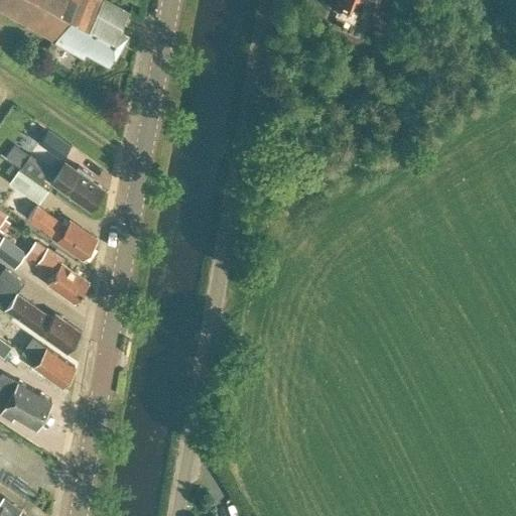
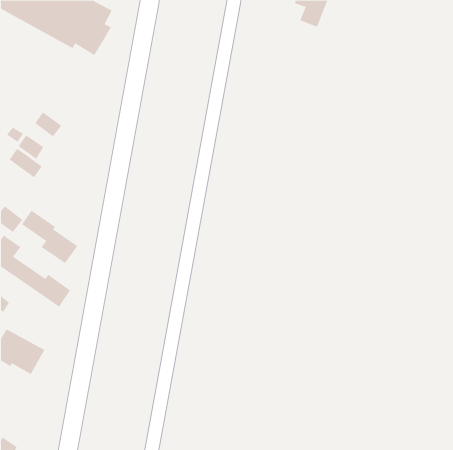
building: [50,168,104,211] -> none
building: [27,207,96,260] -> none
building: [23,340,75,387] -> none

